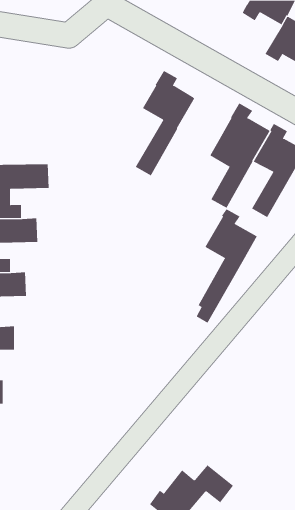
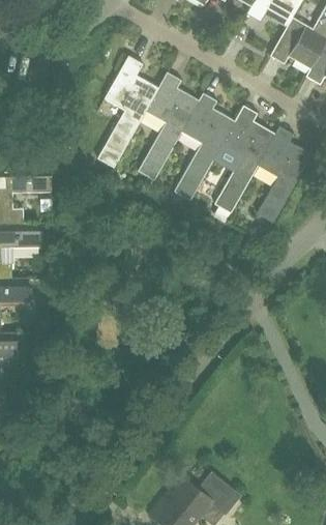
building: none -> [97,56,158,168]
building: [196,208,258,324] -> [172,93,235,210]

